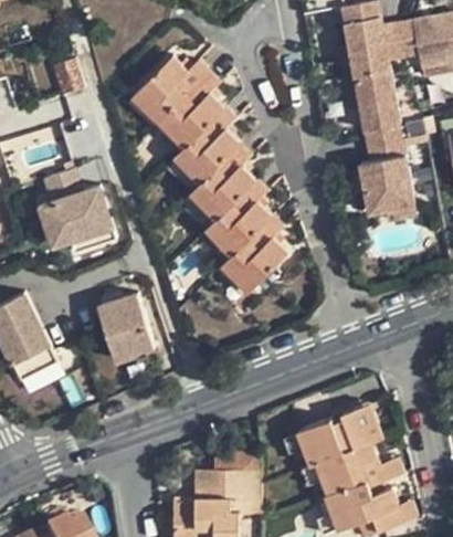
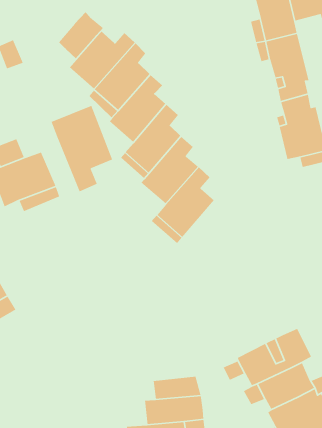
building: none -> [58,12,104,59]
building: none -> [50,105,113,193]
building: [96,294,152,360] -> none

